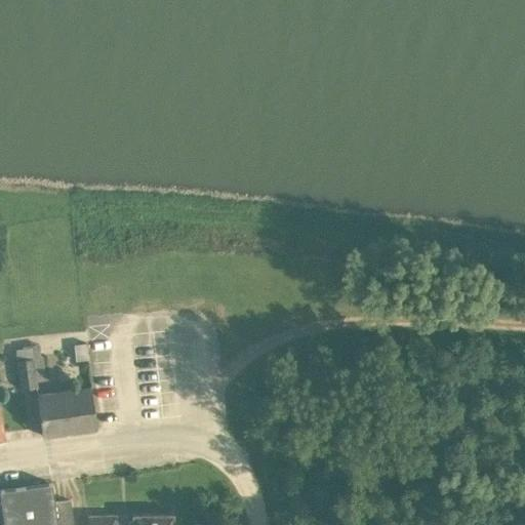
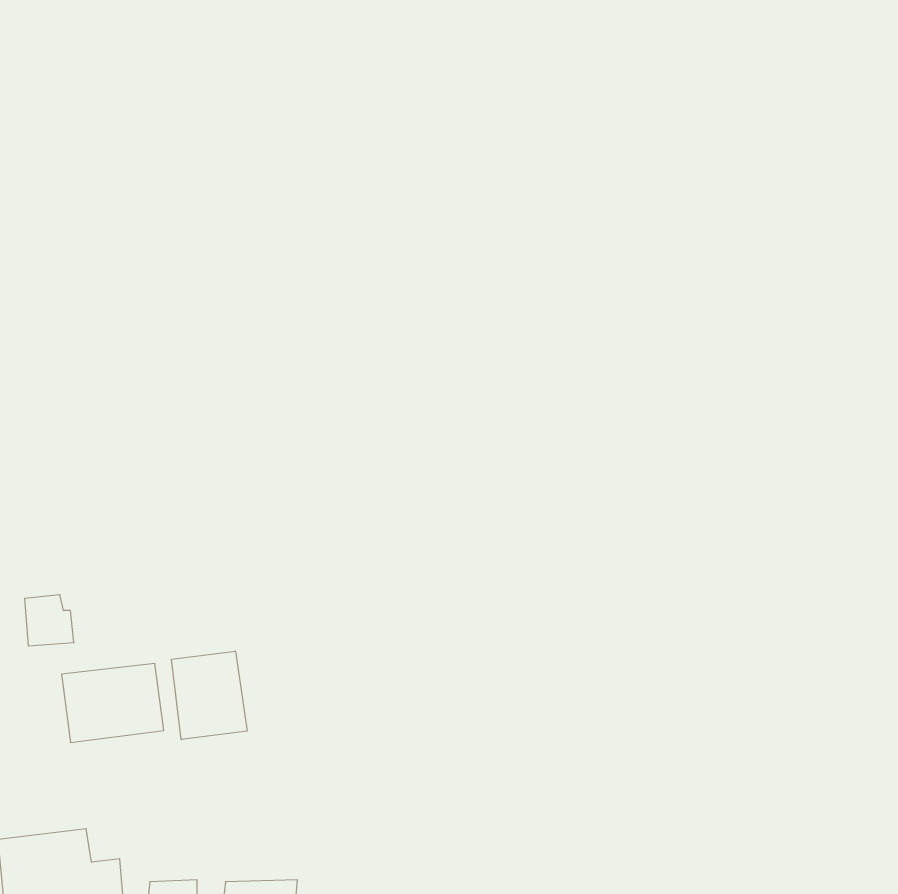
building: none -> [171,651,247,740]

